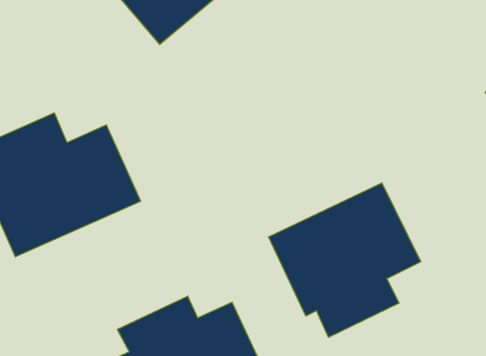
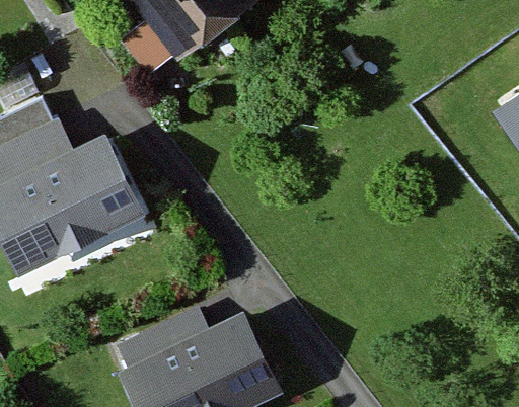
building: [268,183,421,337] -> none

